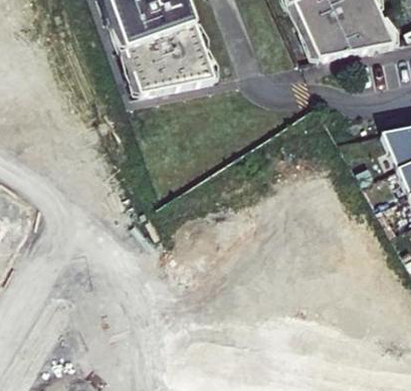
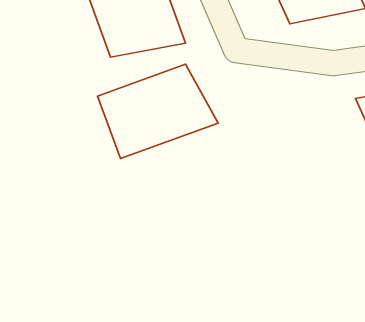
building: none -> [98,64,218,159]

